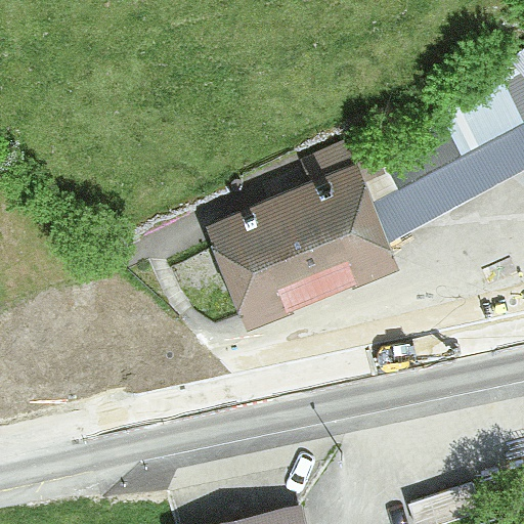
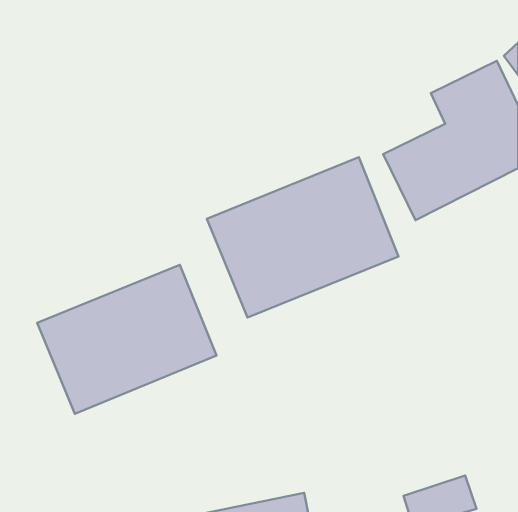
building: none -> [37,265,216,414]

